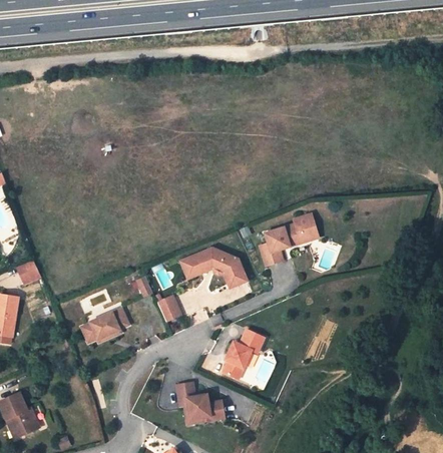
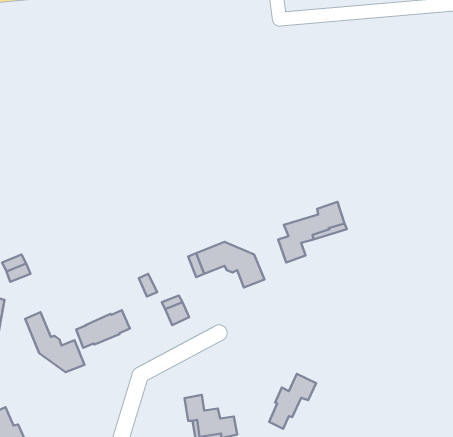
building: none -> [25,312,85,372]
building: [223,329,264,377] -> [269,374,316,429]

